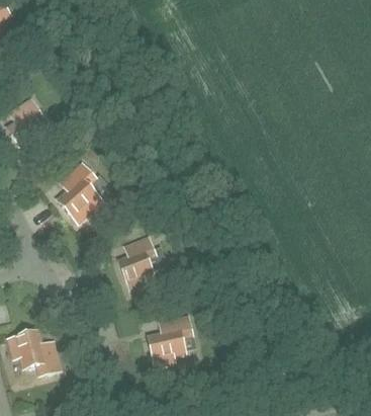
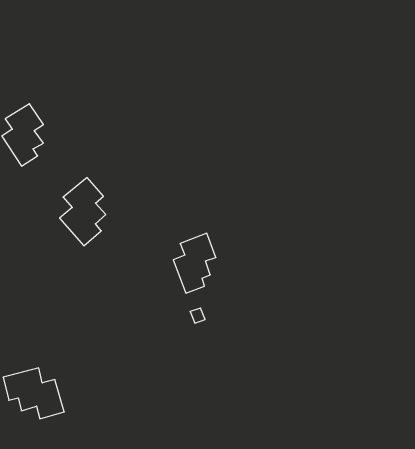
building: [118,236,156,288] -> [173,233,216,293]
building: [148,315,192,365] -> none

